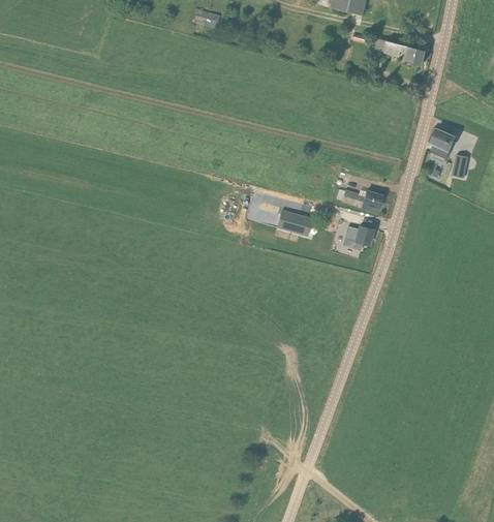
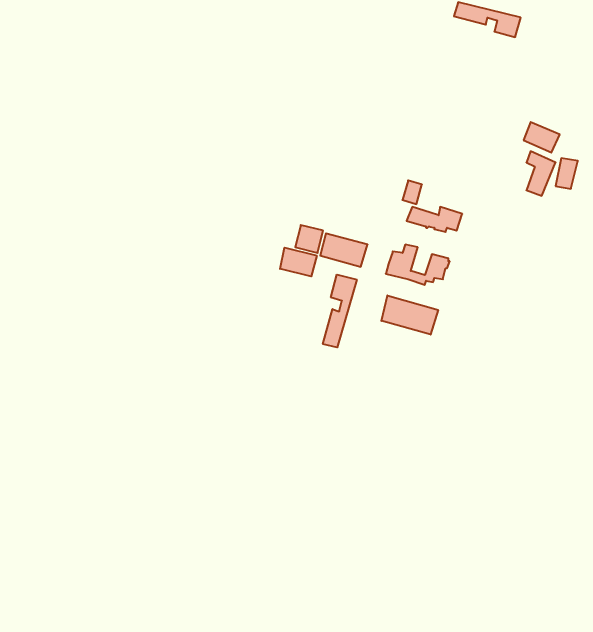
building: none -> [280,248,317,276]
building: none -> [323,275,357,347]
building: none -> [381,295,438,335]

